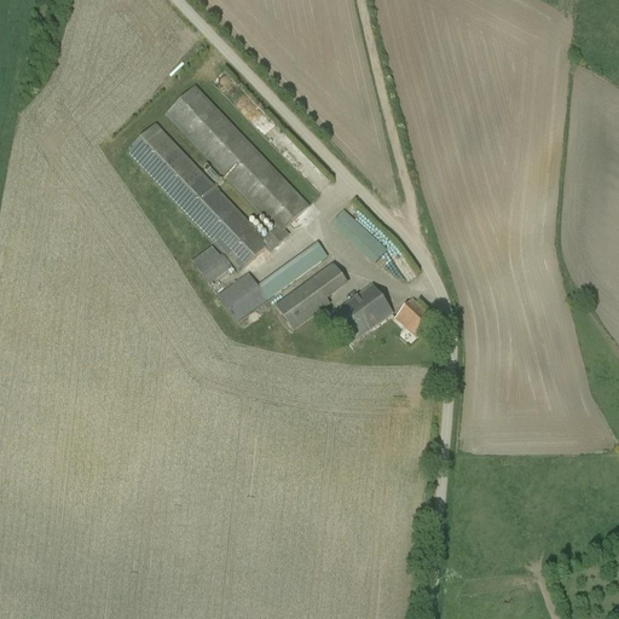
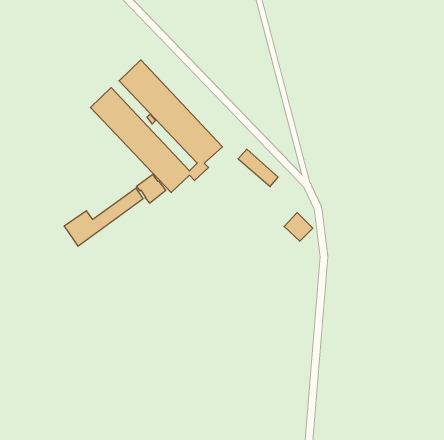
building: [218,239,328,320] -> [64,188,143,246]
building: [274,261,348,328] -> none
building: [332,283,393,340] -> none

